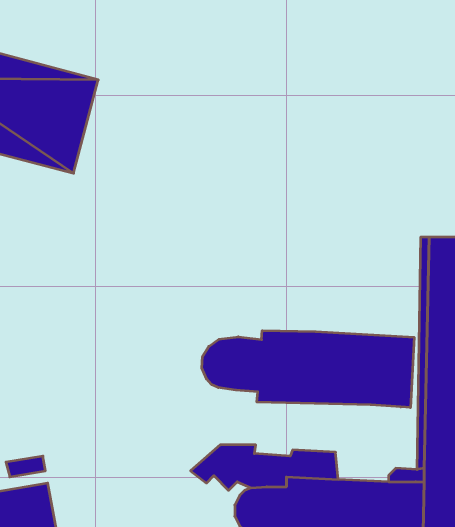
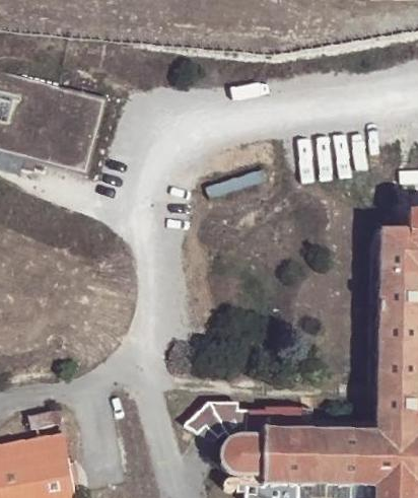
building: [202,331,414,408] -> none

